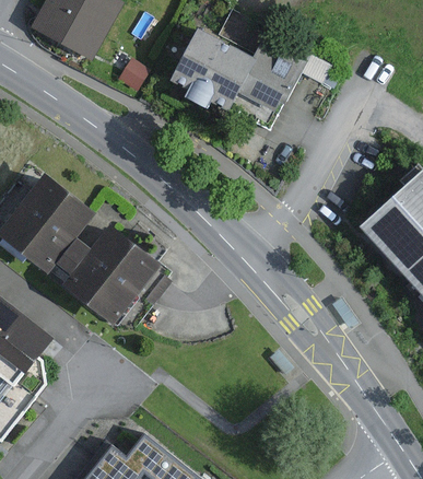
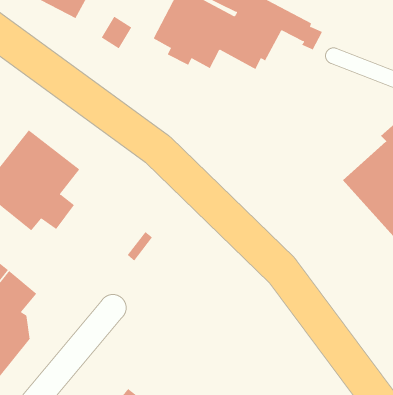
building: [63,226,158,325] -> none

